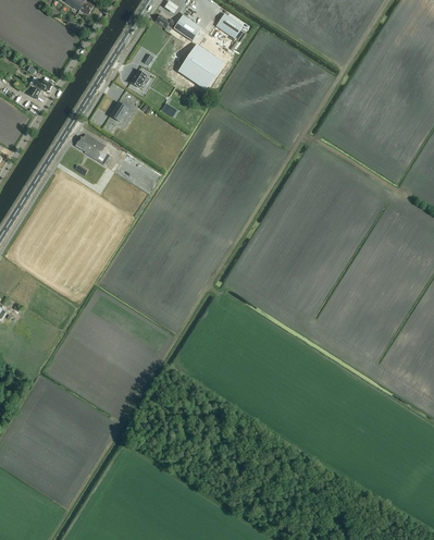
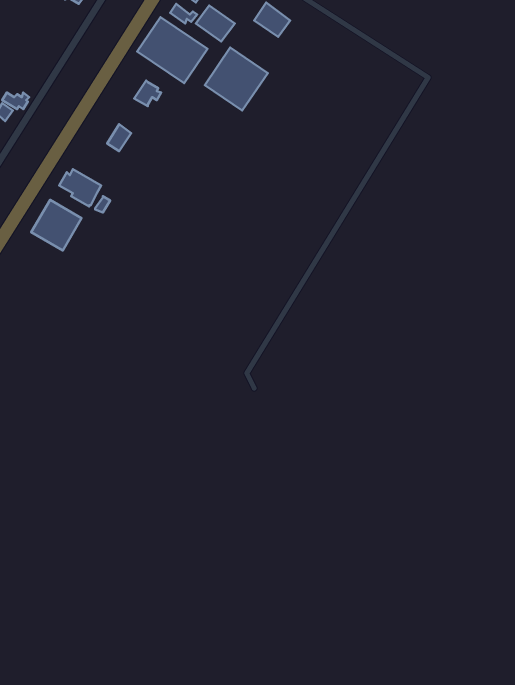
building: none -> [137,17,208,83]
building: none -> [31,200,82,251]

